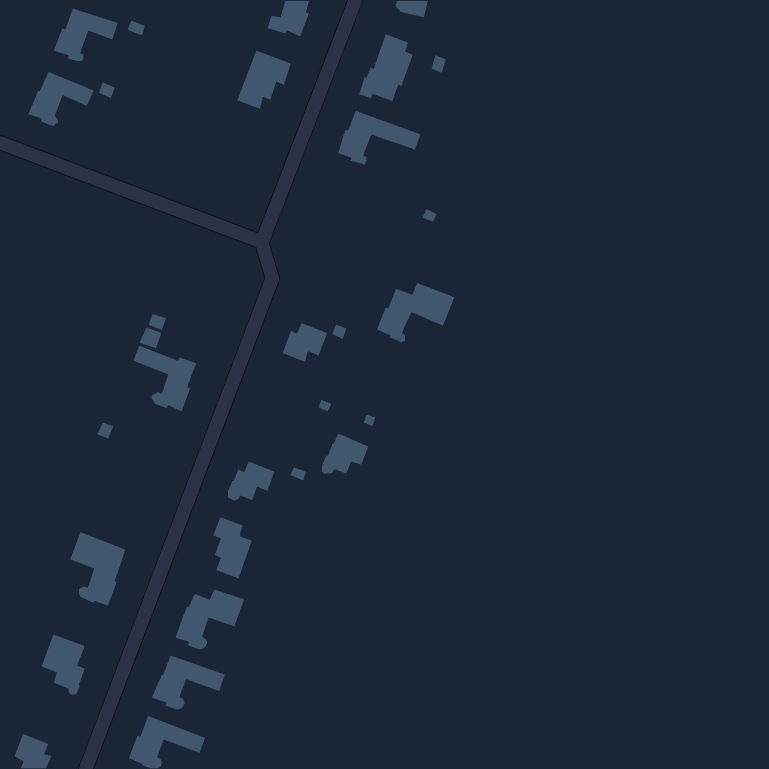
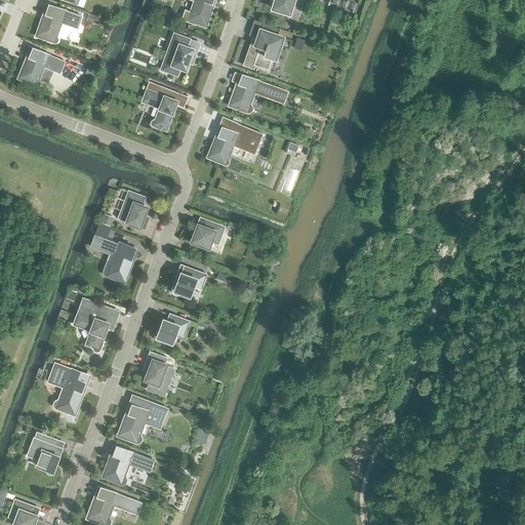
building: none -> [143,83,177,129]
building: none -> [119,192,147,228]
building: [376,282,456,343] -> [208,123,262,165]
building: [321,432,369,475] -> [172,266,205,294]
building: none -> [74,298,111,351]

